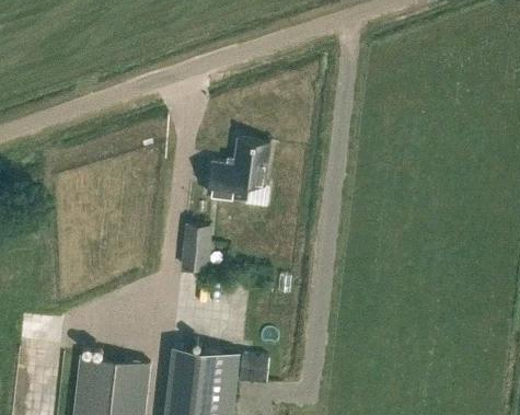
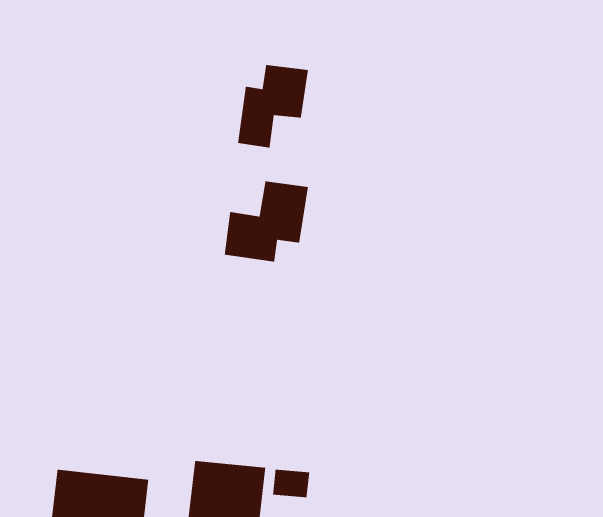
building: none -> [237,64,309,149]
building: [178,227,211,274] -> none

